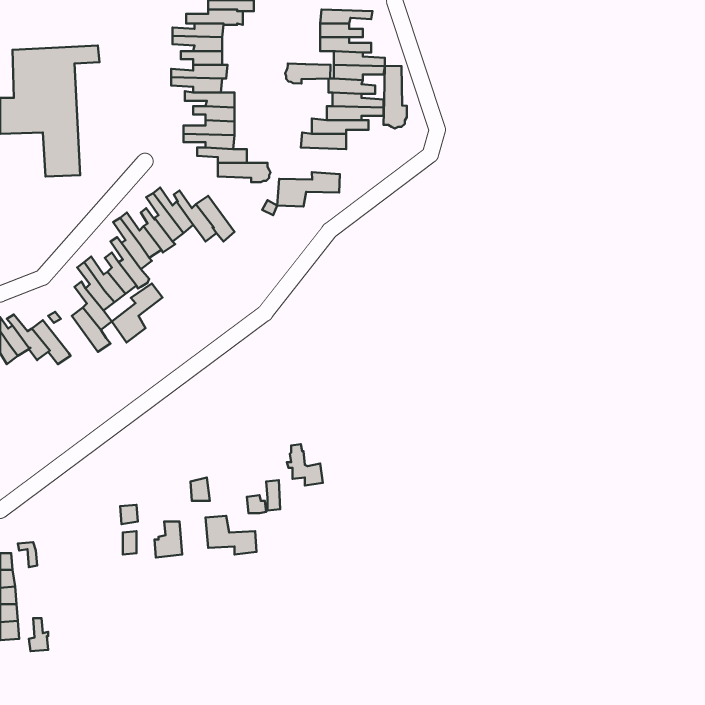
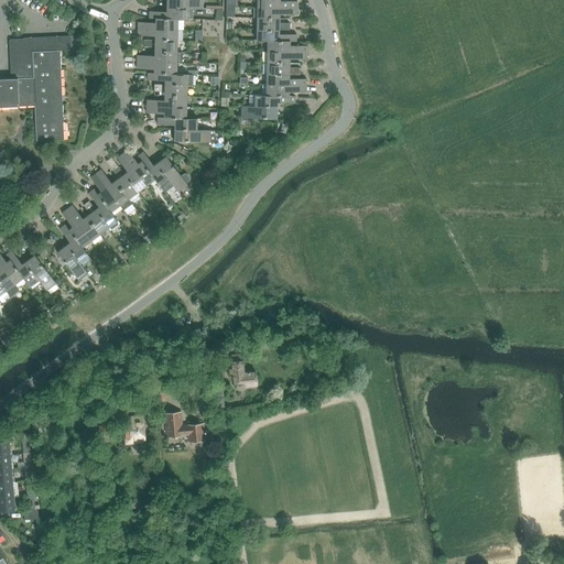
building: [285,64,331,83] -> none
building: [383,66,407,128] -> none
building: [277,172,340,206] -> none
building: [112,284,162,342] -> none

